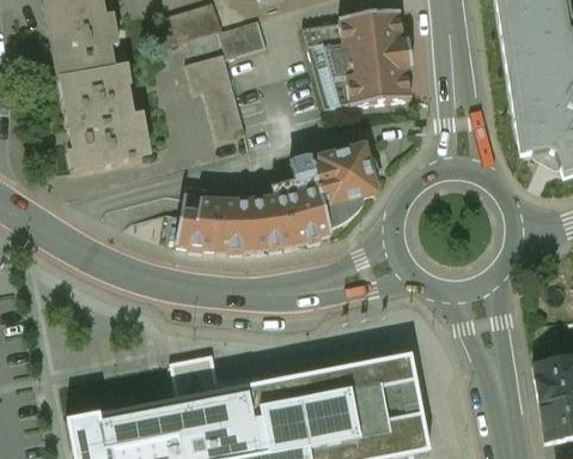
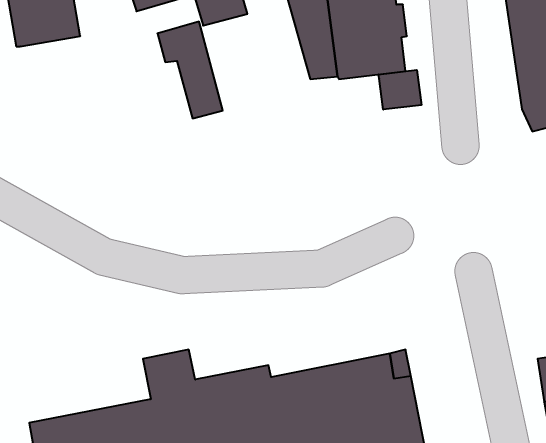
building: [59,66,147,171] -> none
building: none -> [379,70,421,110]
building: [173,144,377,252] -> none

